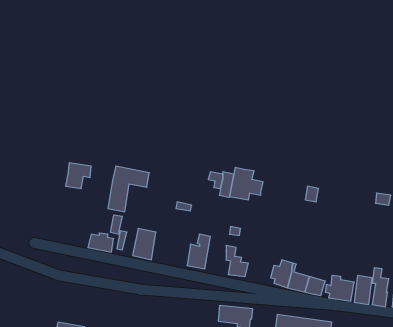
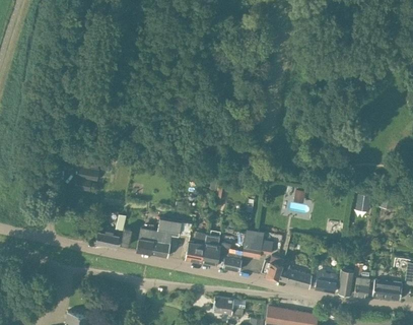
building: [108,166,149,212] -> [153,216,191,258]
building: [230,167,263,200] -> [242,229,272,258]
building: none -> [202,234,220,266]

